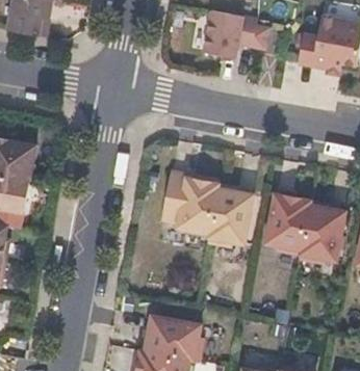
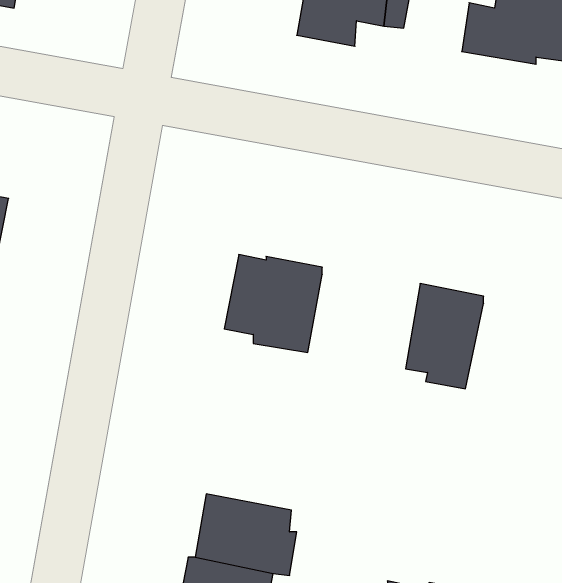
building: [206,188,252,247] -> none
building: [298,205,344,263] -> none

